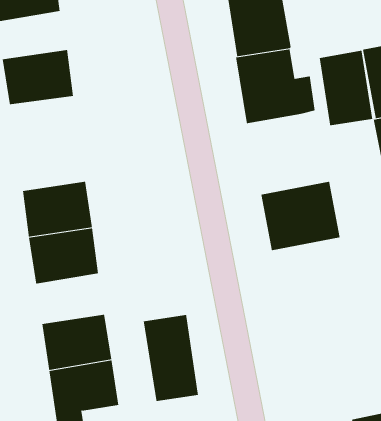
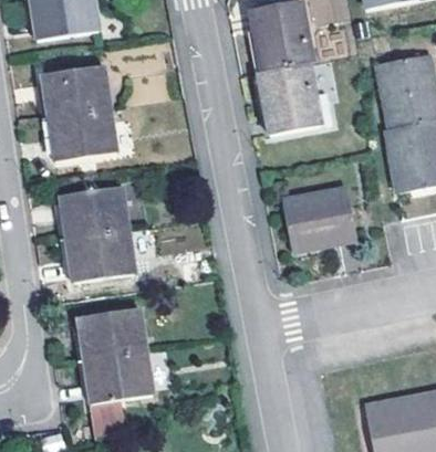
building: [319,50,373,126] -> none
building: none -> [50,108,116,159]
building: [143,314,198,402] -> none

